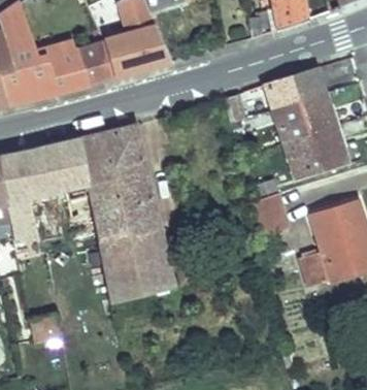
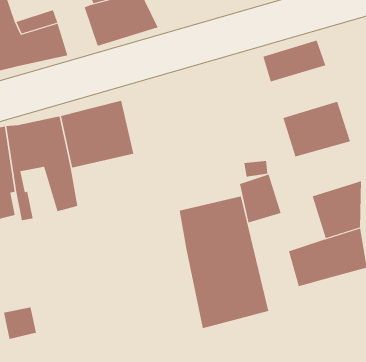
building: [76,38,114,83] -> none
building: [274,92,336,140] -> none
building: [91,173,174,296] -> [179,196,269,329]

